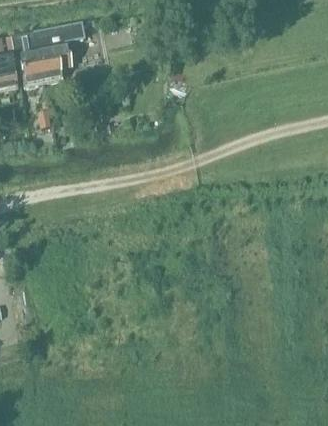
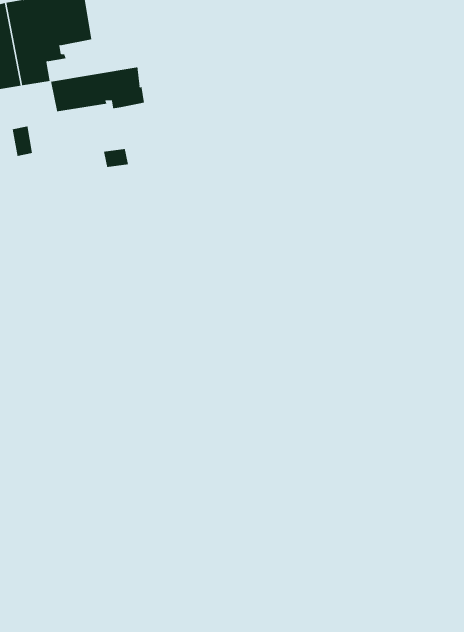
building: none -> [50,66,144,112]

